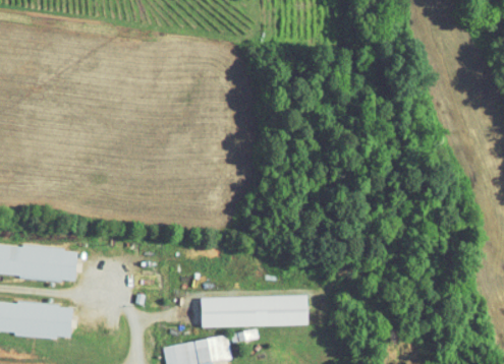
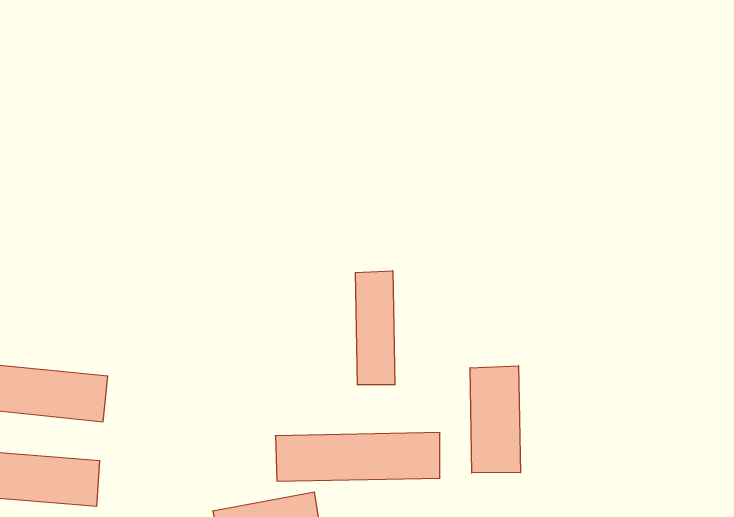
building: none -> [355,271,395,385]
building: none -> [470,366,520,473]

